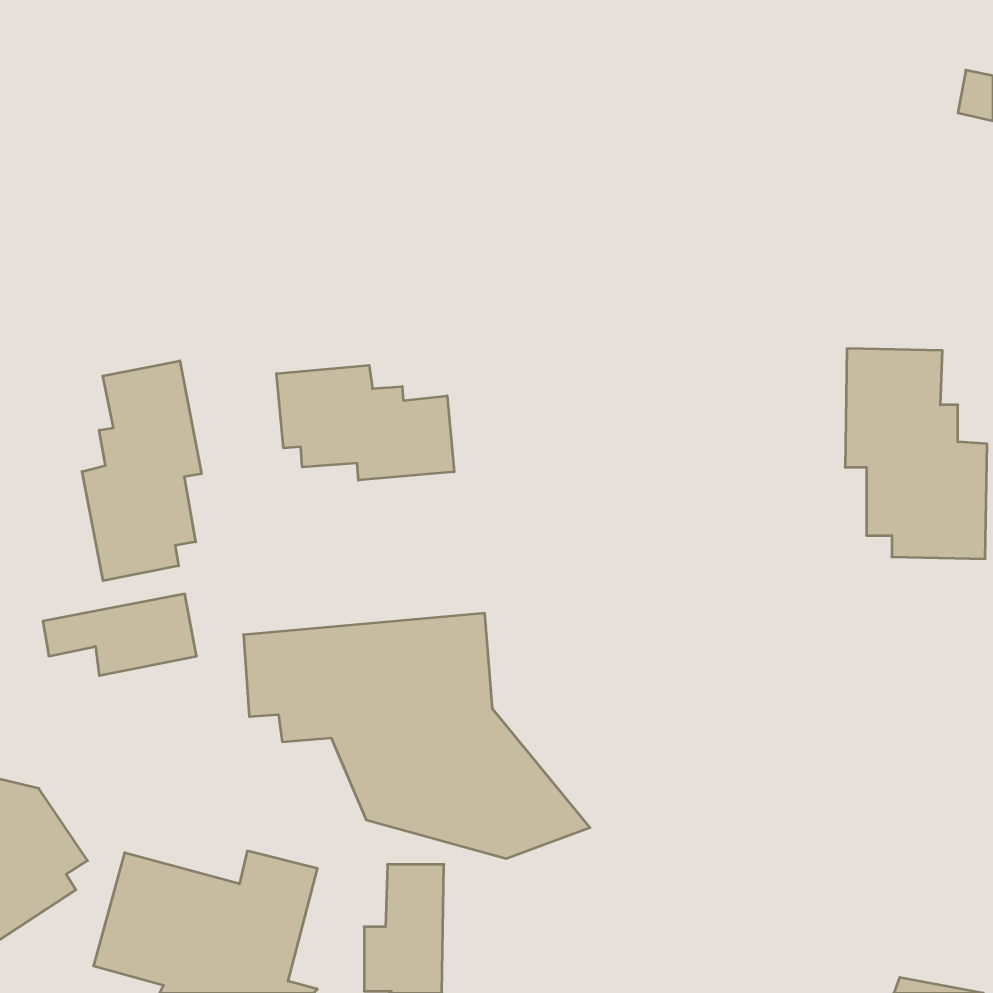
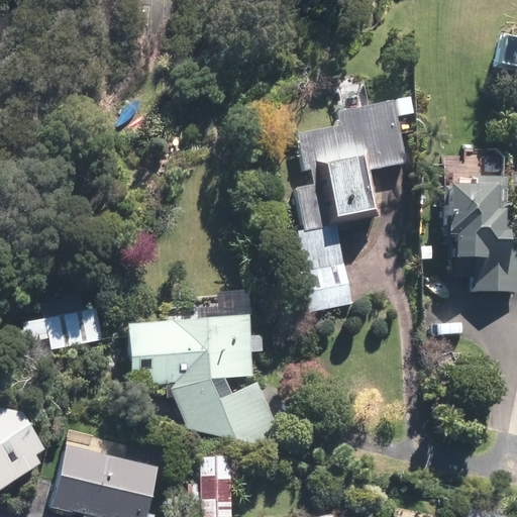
building: none -> [295,100,409,309]
building: [82,361,201,581] -> none
building: [277,365,454,480] -> none

